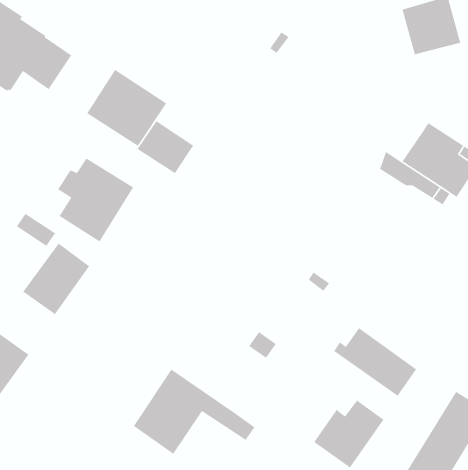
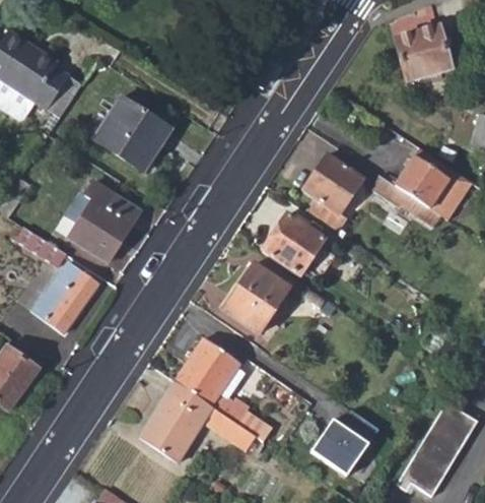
building: [137,120,194,174] -> none
building: none -> [303,154,363,236]
building: none -> [264,213,327,274]
building: none -> [224,262,290,333]
building: none -> [176,339,250,425]
building: [333,327,417,397] -> none

